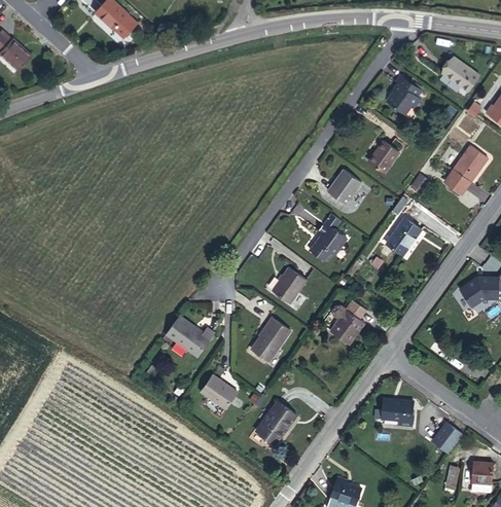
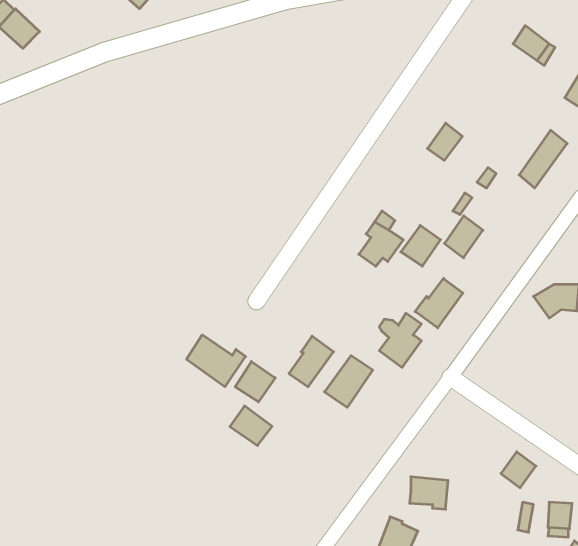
building: [388,72,425,113] -> none
building: [328,169,362,204] -> [401,225,441,266]
building: [271,269,305,305] -> none
building: none -> [415,278,463,328]
building: none -> [235,361,275,402]
building: [379,397,411,425] -> [410,477,448,509]
building: [253,403,294,447] -> [324,356,373,407]

